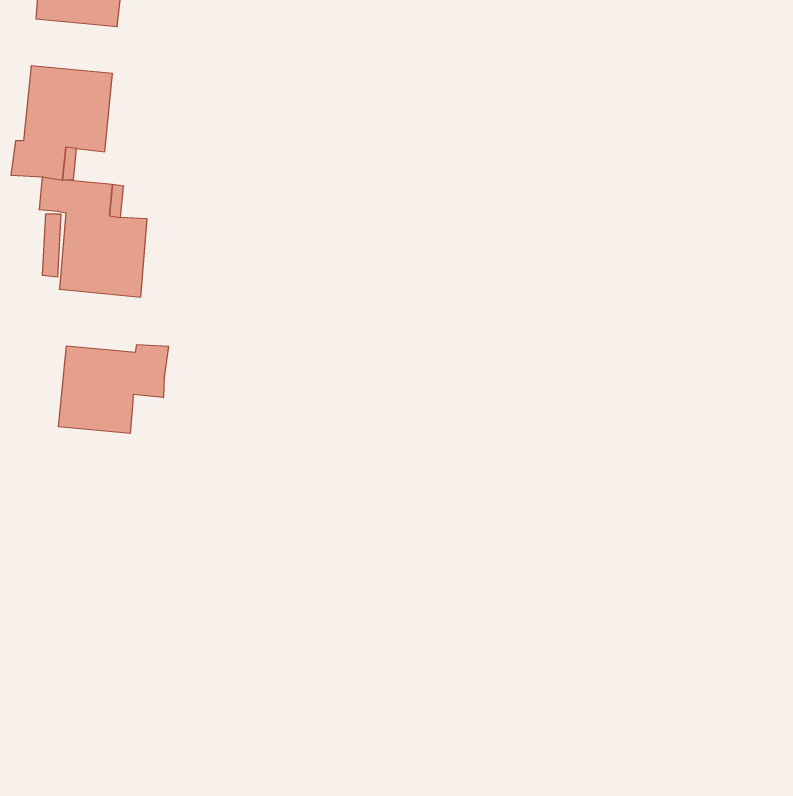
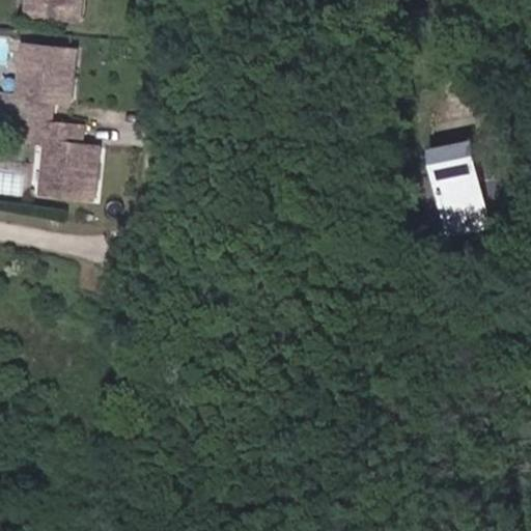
building: none -> [429,141,488,233]
building: [59,345,169,433] -> none

